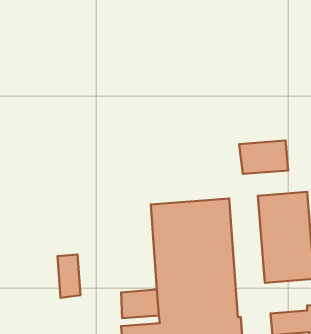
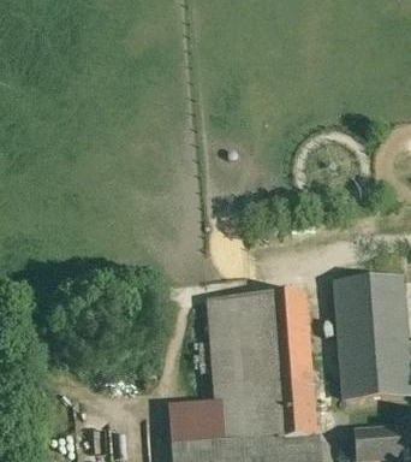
building: [239,140,288,174] -> none
building: [57,254,80,298] -> none

